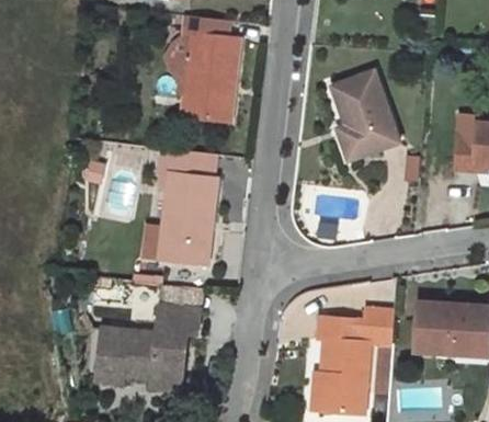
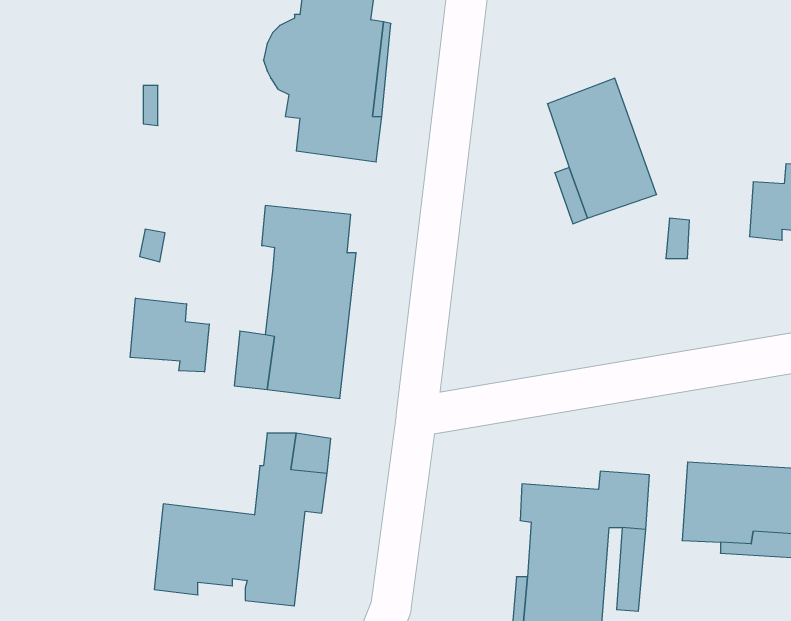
building: none -> [130,298,209,372]

